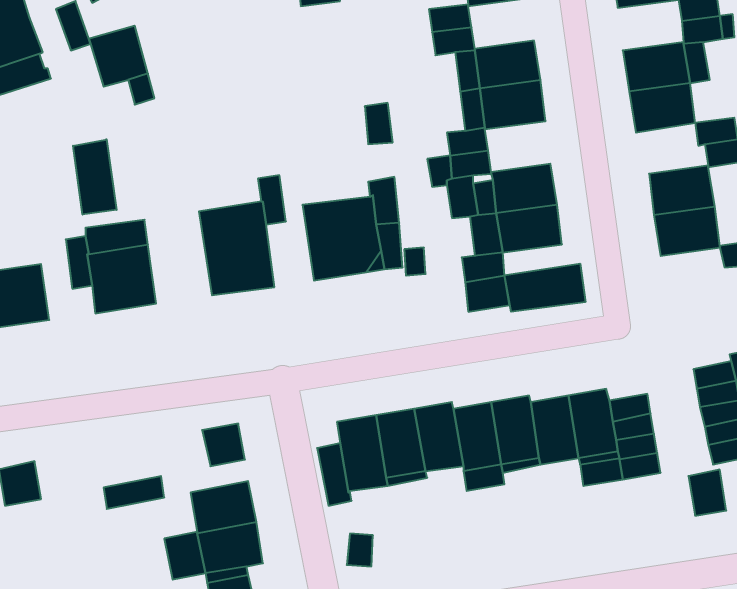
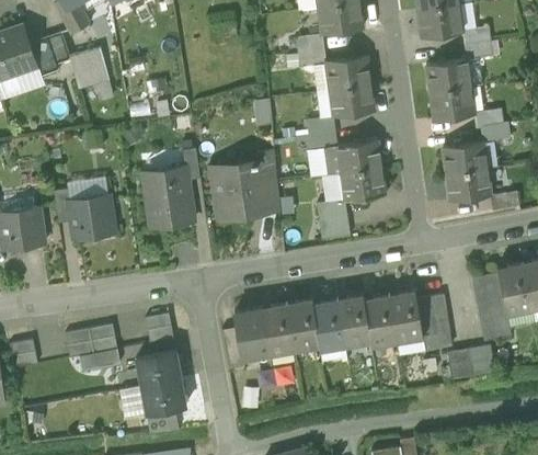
building: none -> [30,37,59,77]
building: [73,139,117,215] -> none
building: [504,264,585,312] -> none
building: none -> [65,325,117,357]
building: none -> [451,348,476,385]

